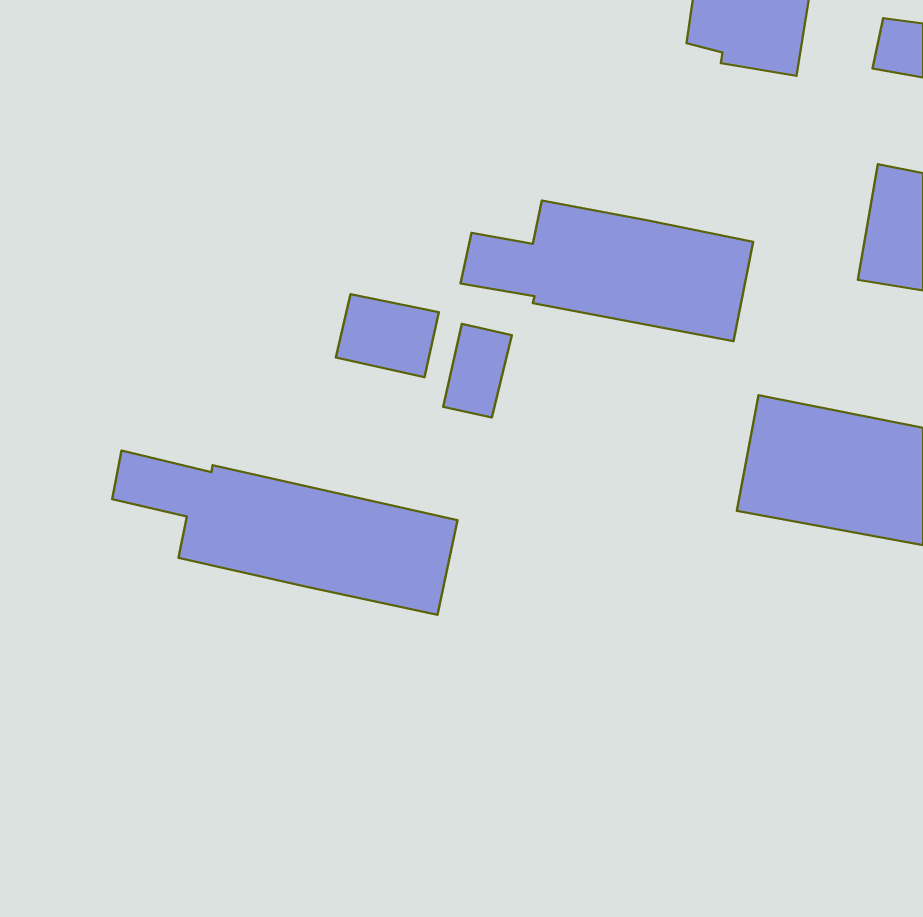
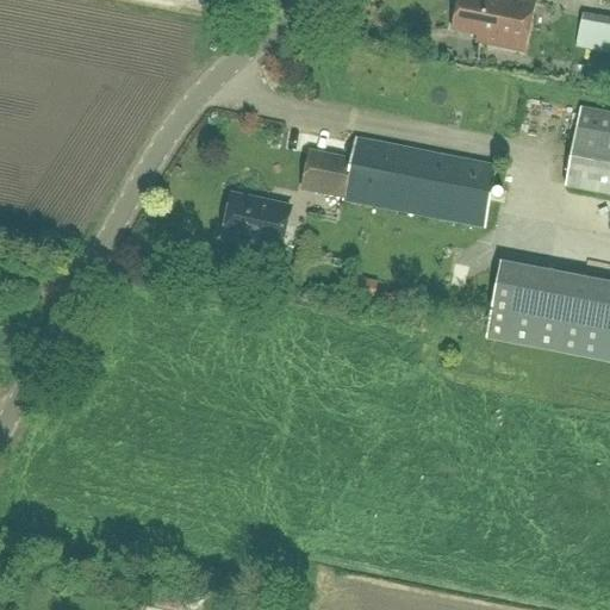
building: [443,324,512,418] -> none
building: [112,451,458,615] -> none

